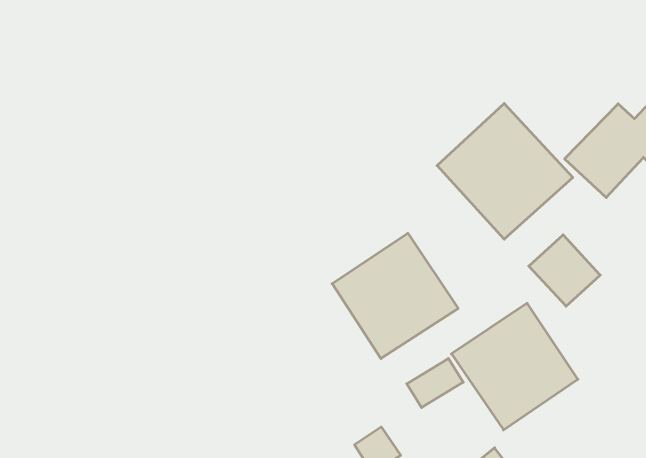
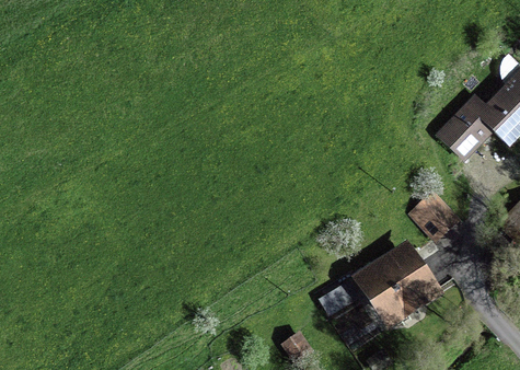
building: [437,103,573,239] -> none
building: [332,233,458,359] -> none

